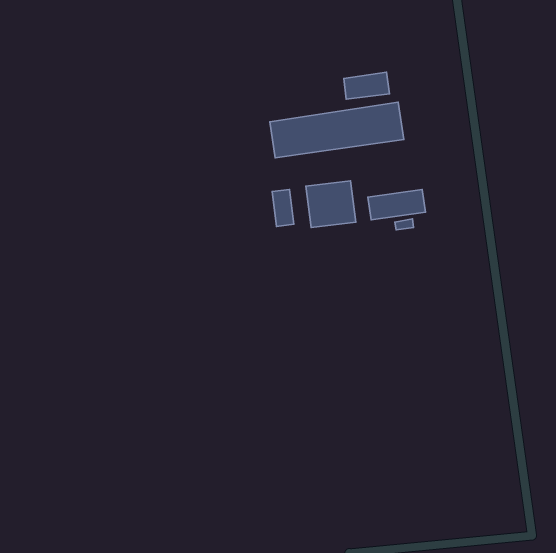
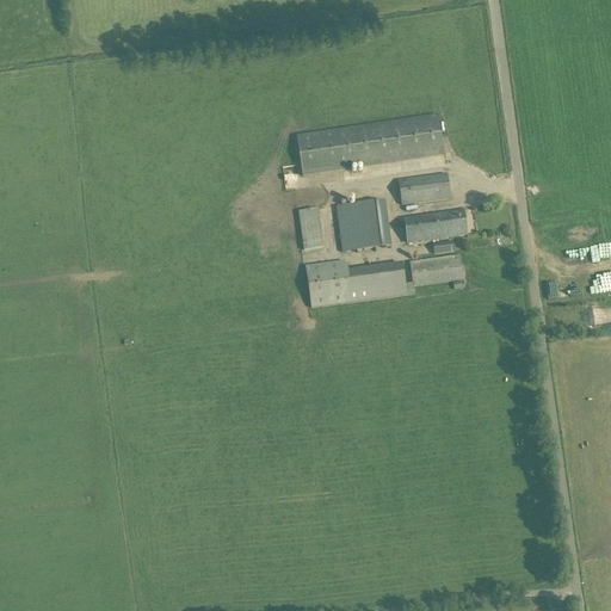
building: [344,72,390,99] -> [399,172,449,202]
building: none -> [306,253,463,306]

